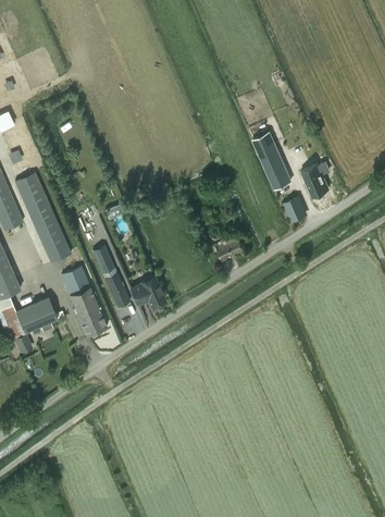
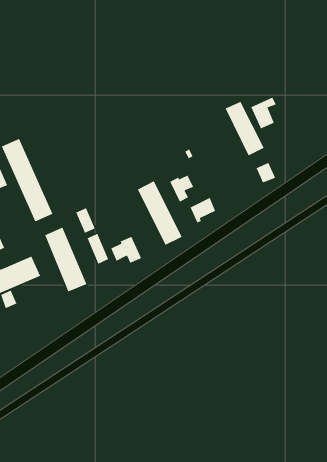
building: [300,162,328,197] -> [250,96,277,129]
building: none -> [169,175,194,203]
building: none -> [137,180,183,246]

